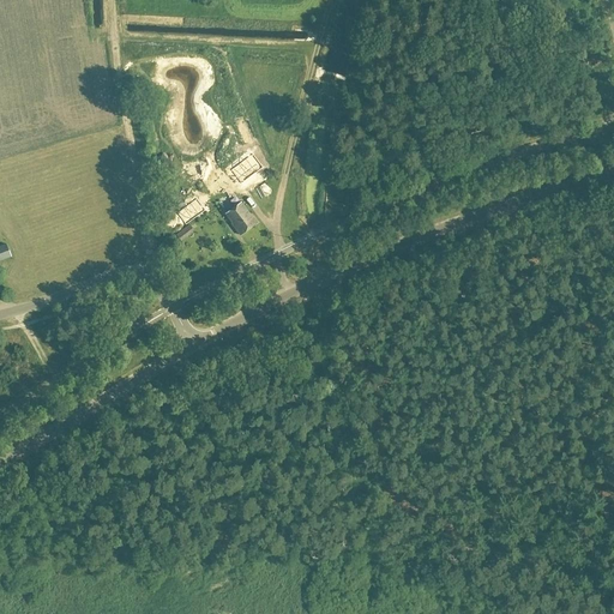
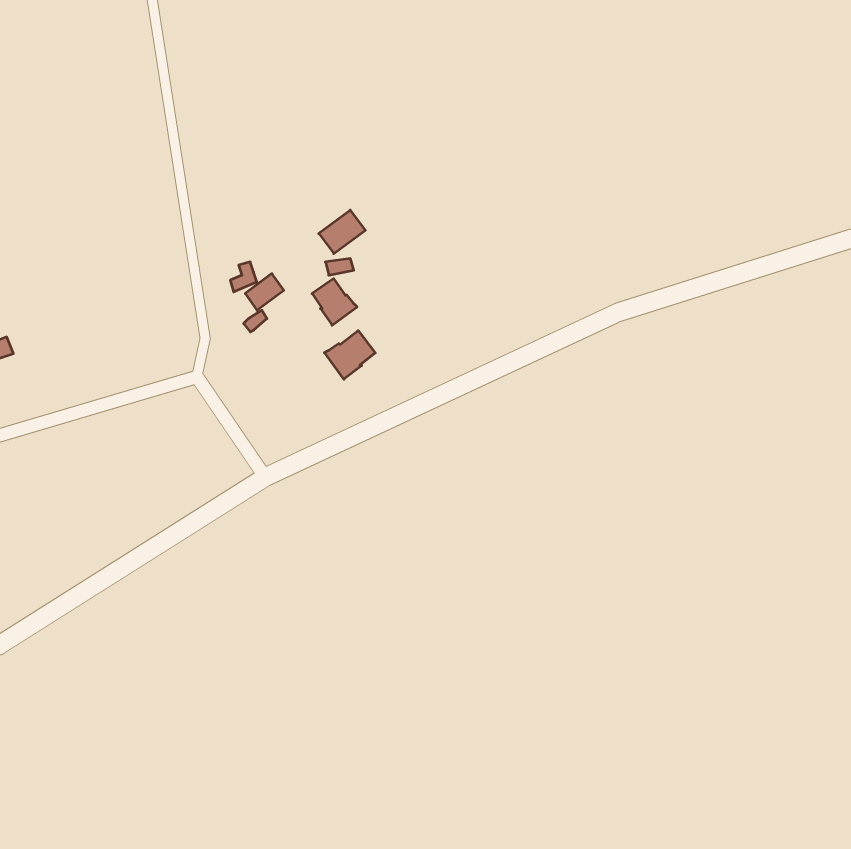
building: none -> [324,331,375,379]

